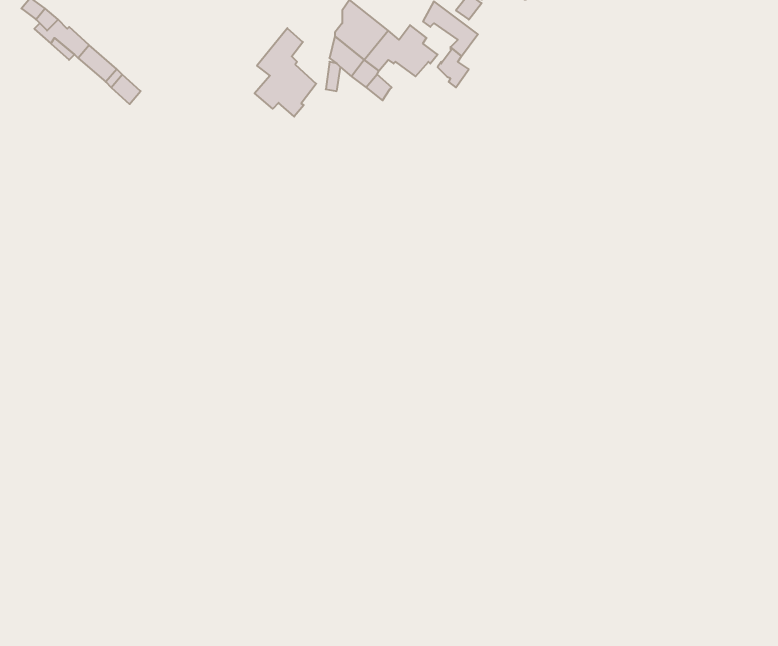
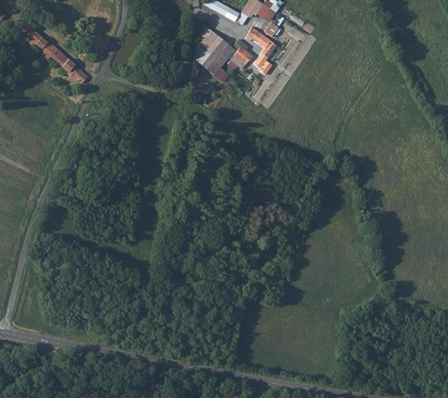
building: [255,28,316,117] -> none

